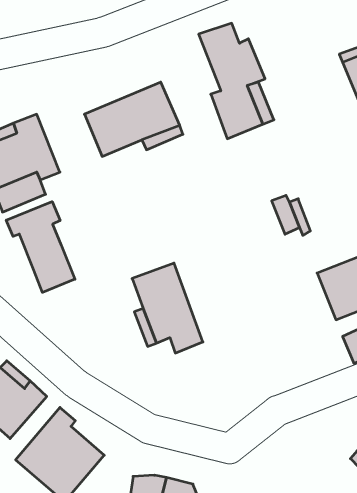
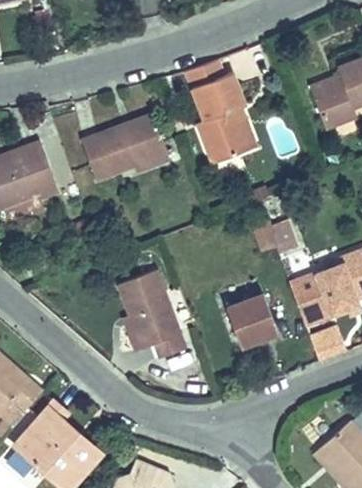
building: [6,202,75,292] -> none
building: none -> [235,293,287,348]

